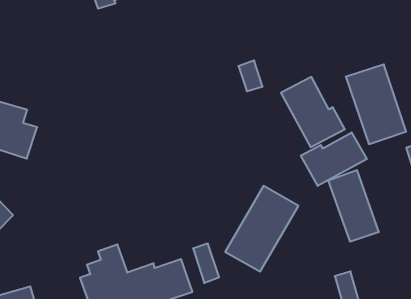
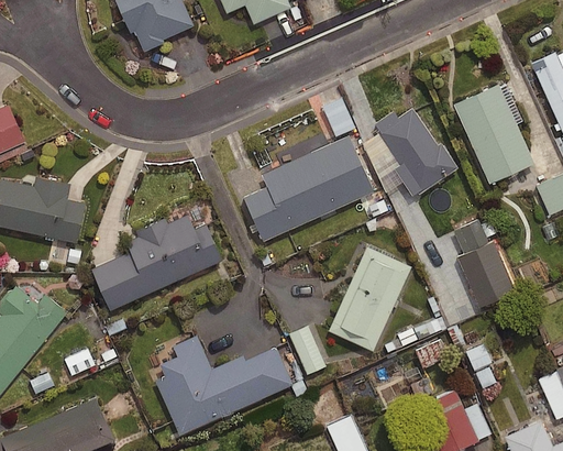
building: none -> [243,136,374,242]
building: [301,132,367,186] -> none
building: none -> [90,214,223,312]

